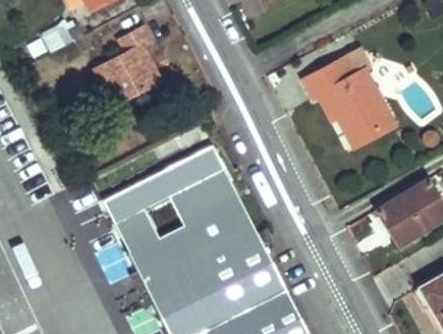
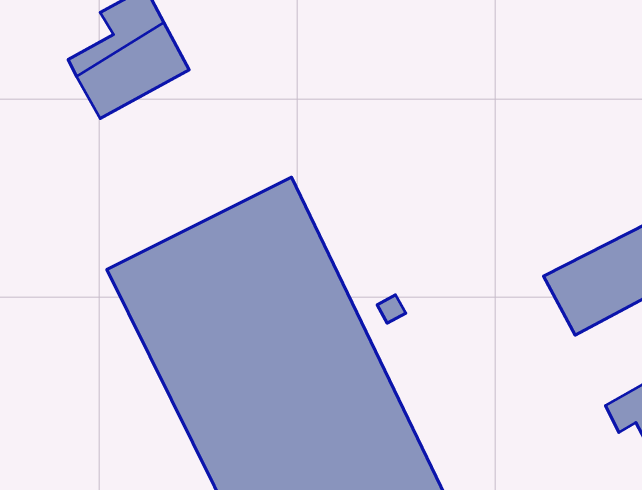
building: [295,52,386,142] -> none

